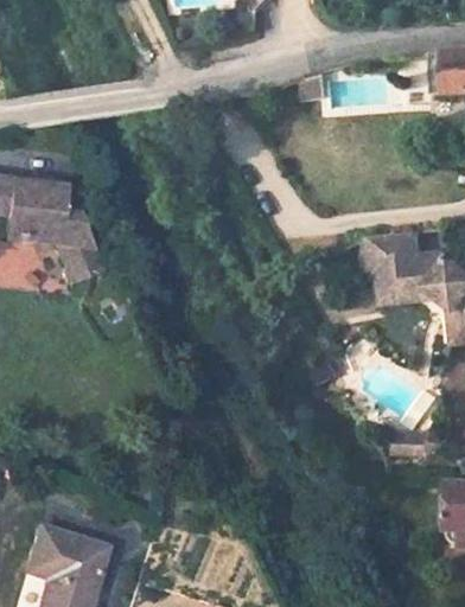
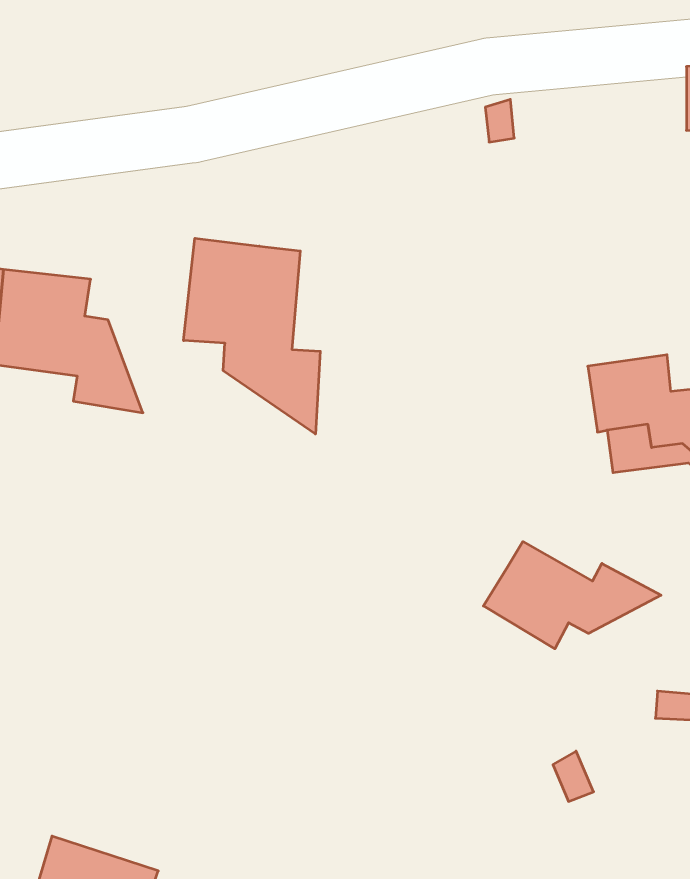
building: none -> [184,238,320,434]
building: none -> [483,542,661,649]

